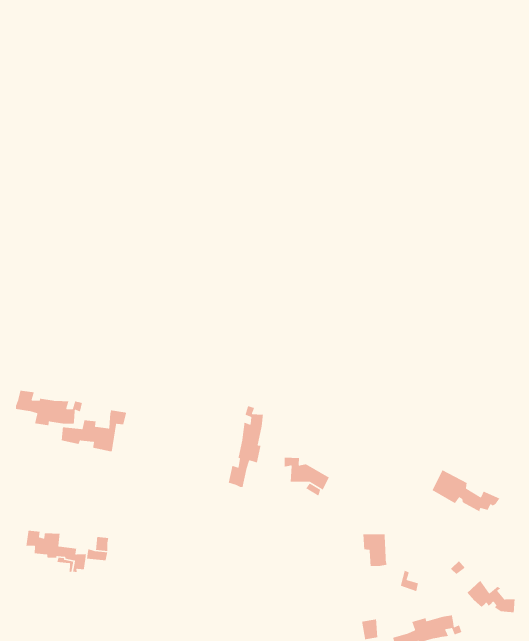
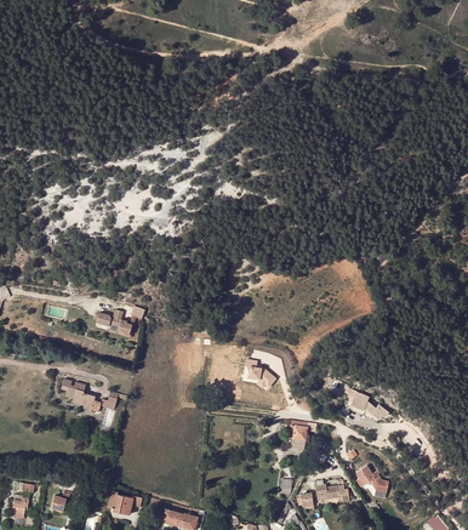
building: [15,390,83,426] -> none
building: [228,405,264,488] -> none

